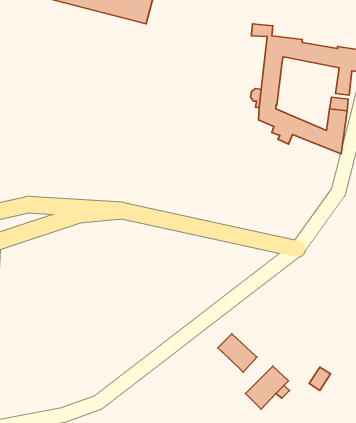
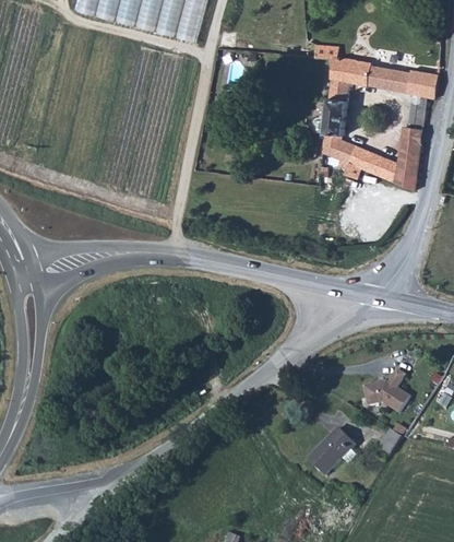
building: none -> [362,367,409,412]
building: [218,334,257,372] -> none

